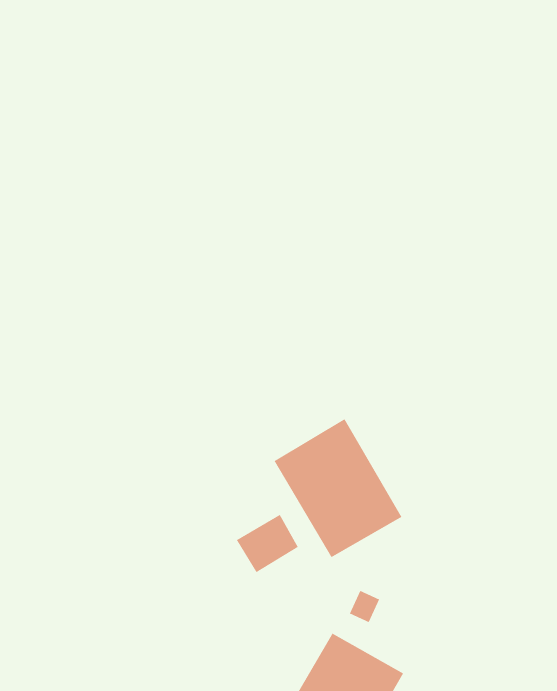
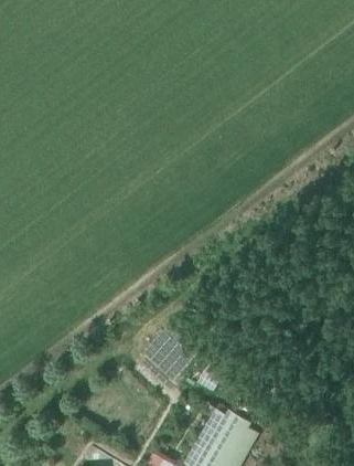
building: [273,418,403,558] -> none

